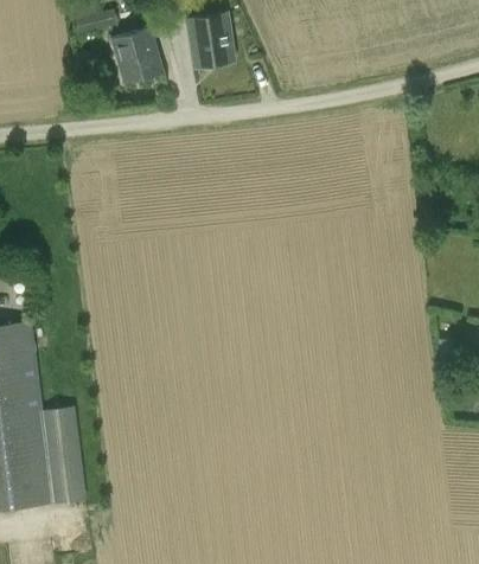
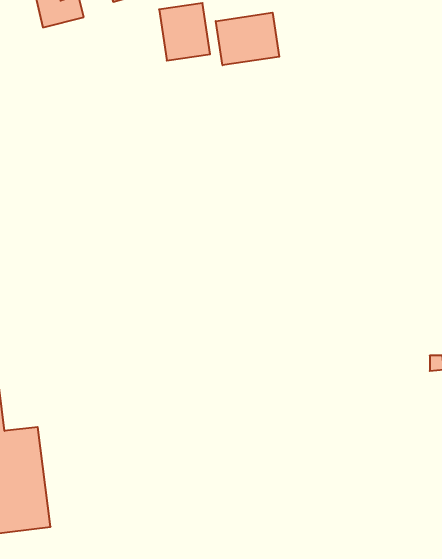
building: none -> [216,13,279,65]
building: [111,30,162,84] -> none

